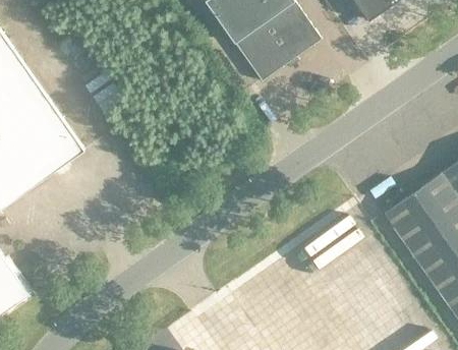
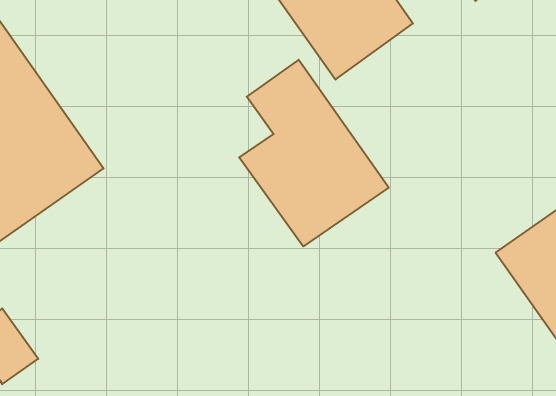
building: none -> [239,60,389,246]

